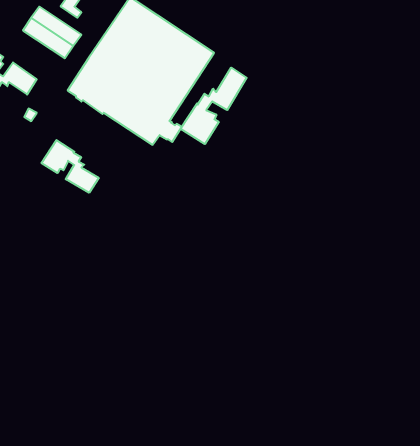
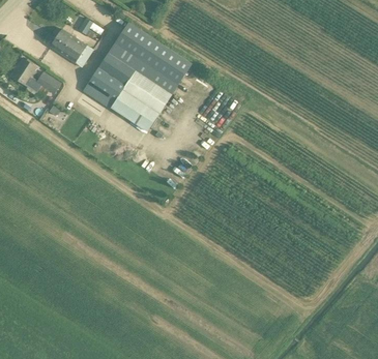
building: [181,68,247,144] -> none
building: [42,140,99,193] -> none

